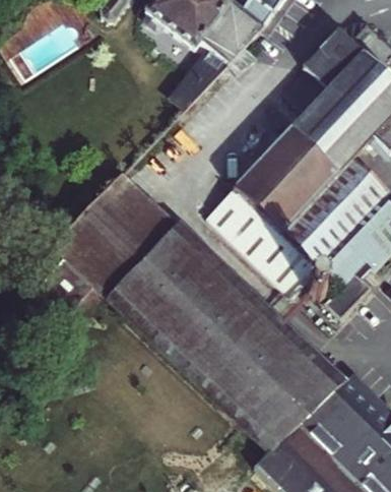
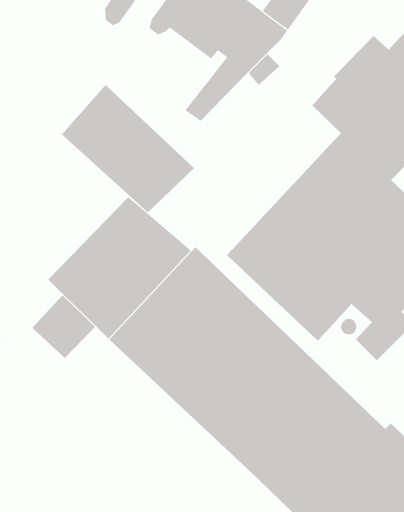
building: none -> [61,84,195,213]

